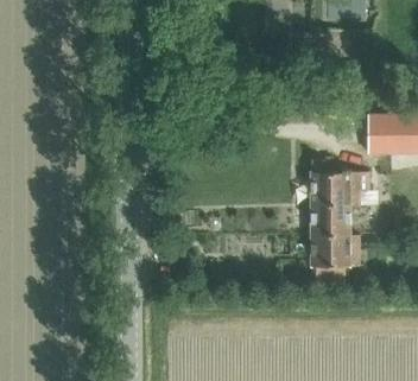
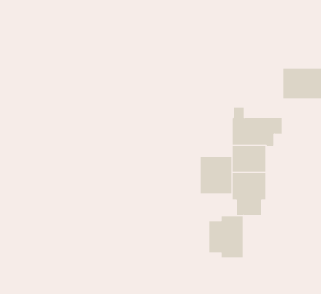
building: none -> [200,156,232,194]
building: none -> [209,215,243,258]

